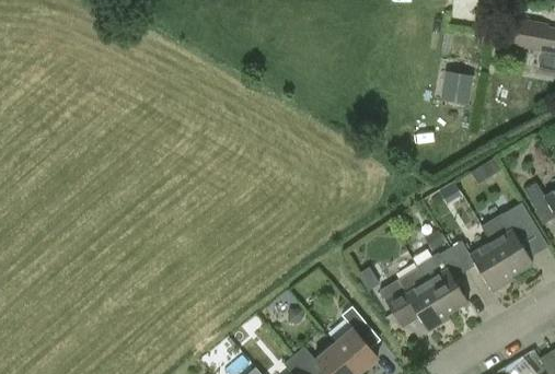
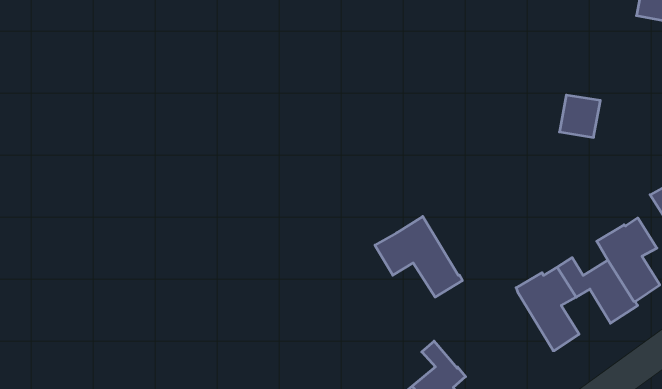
building: [441,71,474,105] -> [559,95,600,137]
building: [380,268,450,332] -> [375,216,462,297]

